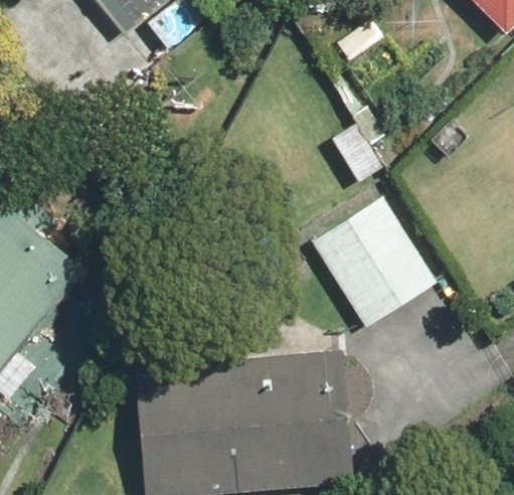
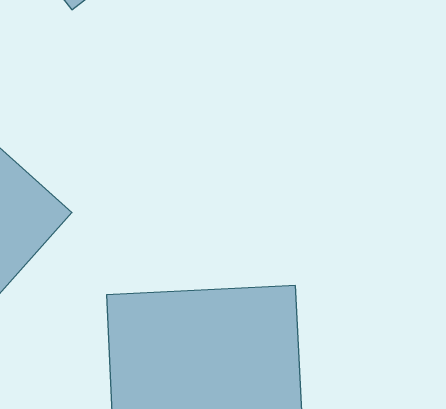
building: [310,192,445,332] -> none

